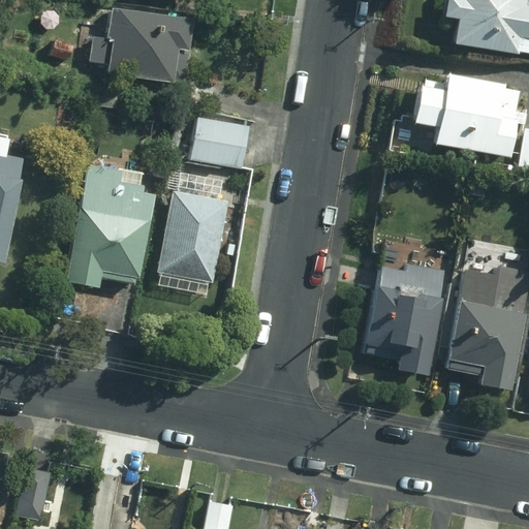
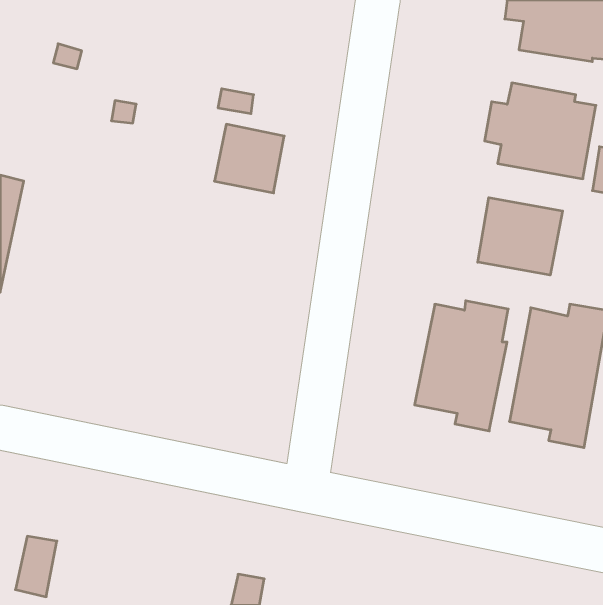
building: [89,6,192,82] -> none
building: [66,163,153,287] -> none
building: none -> [478,198,563,275]
building: [158,191,228,281] -> none

